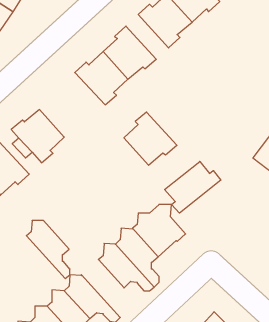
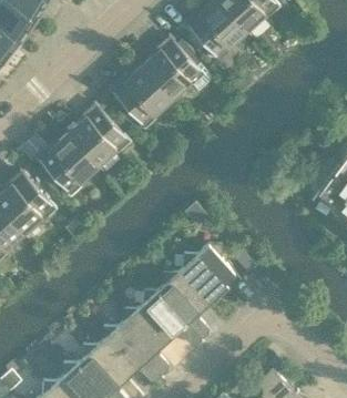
building: [124,112,177,165] -> [67,103,129,165]
building: [165,161,221,213] -> none
building: [26,221,70,279] -> [115,308,166,376]

